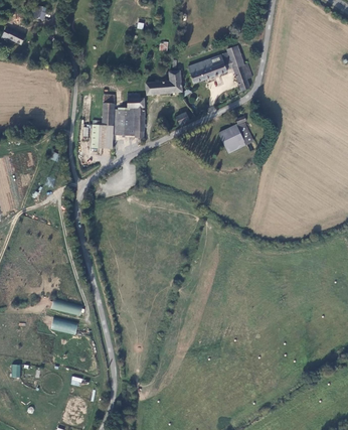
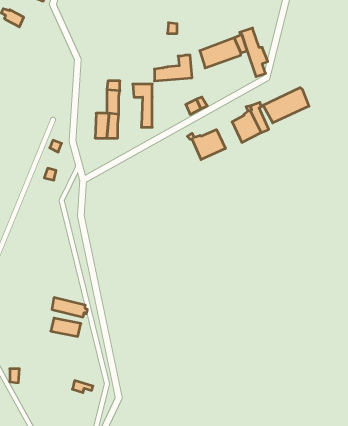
building: none -> [263,88,309,123]
building: [111,109,134,136] -> none
building: none -> [187,130,225,160]

